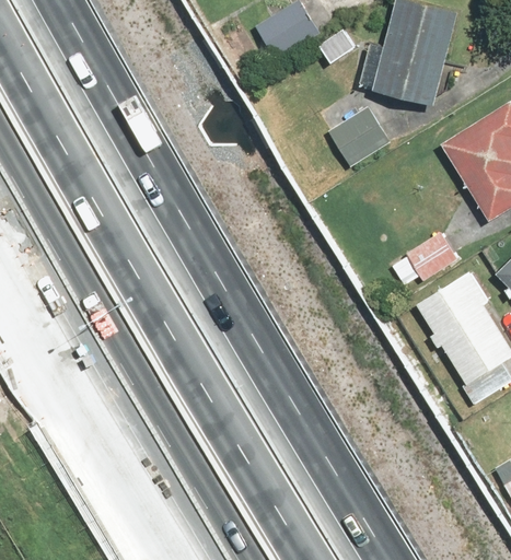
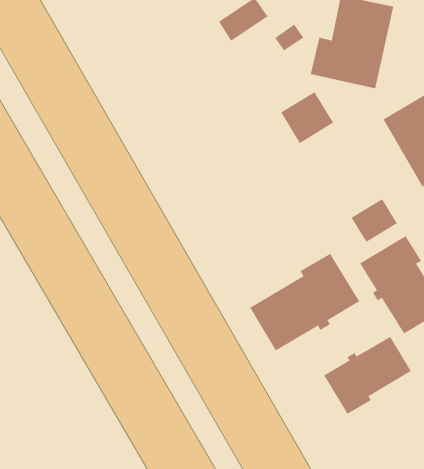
building: none -> [249,253,360,351]
building: none -> [323,336,412,415]

